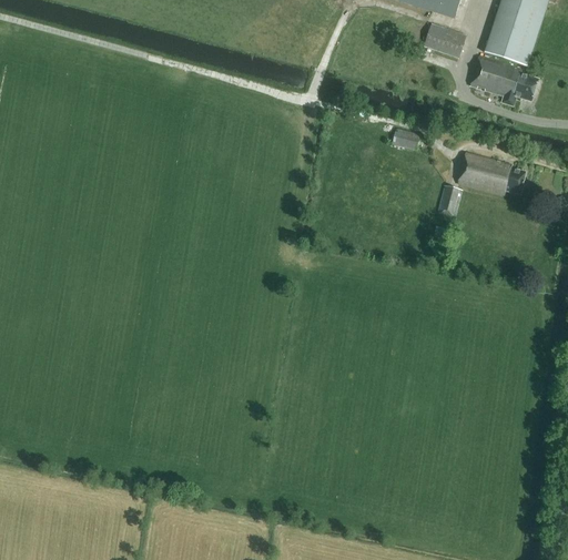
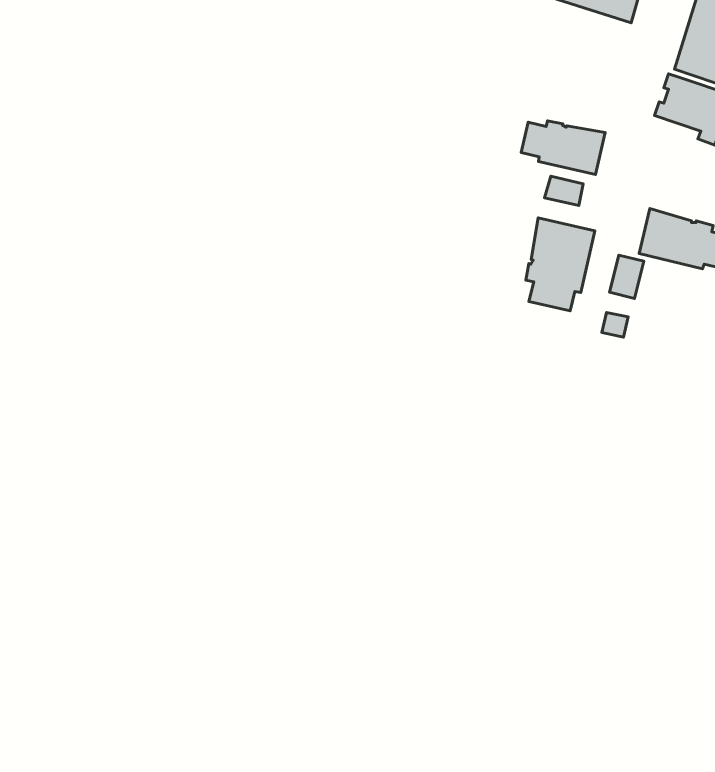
building: [424,22,467,58] -> none
building: none -> [521,121,605,174]
building: none -> [526,218,595,311]

